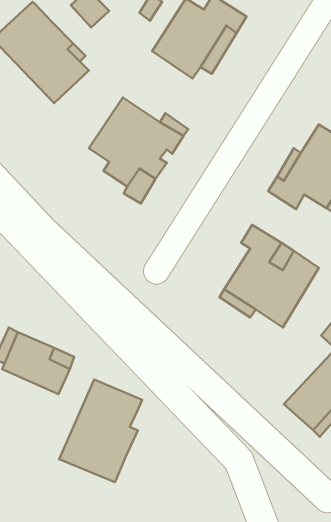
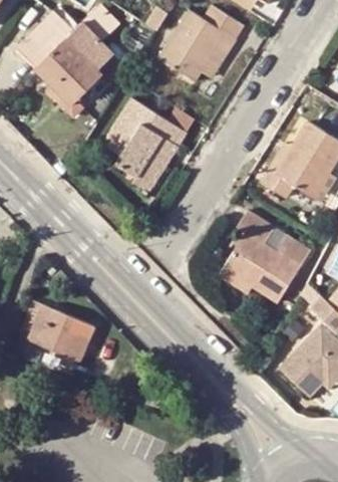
building: [59,380,142,482] -> none

